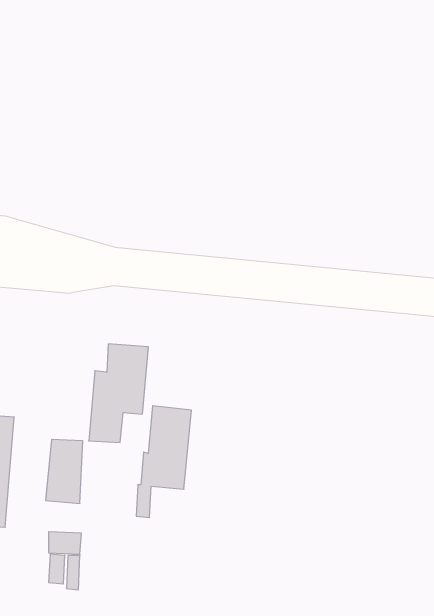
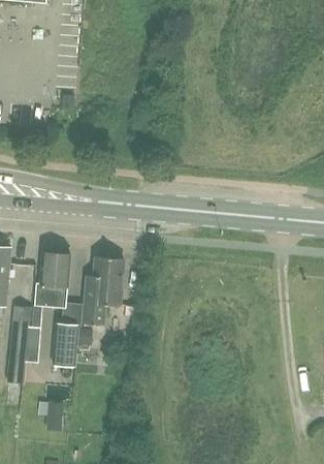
building: [136,406,191,518] -> [31,251,69,329]

